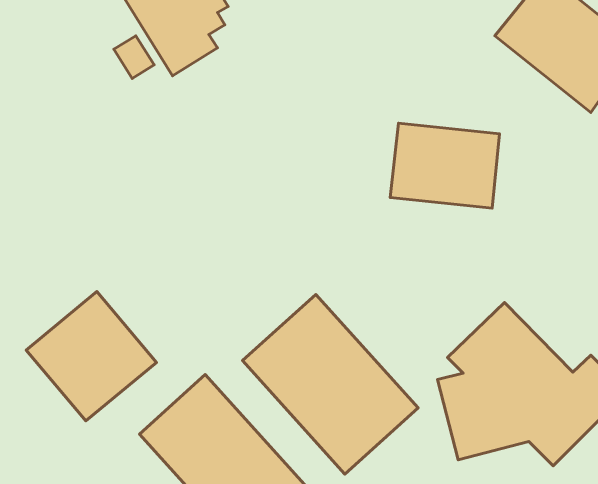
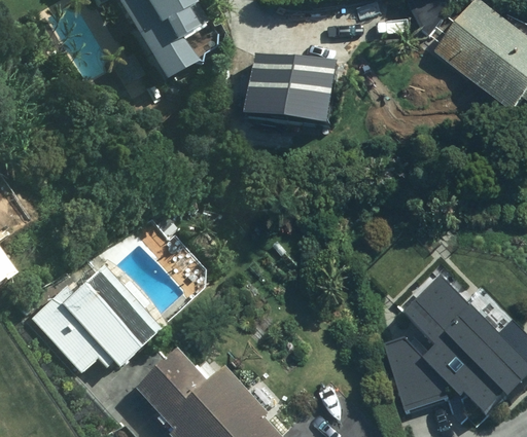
building: [390,123,500,208] -> [249,54,342,126]
building: [242,294,418,474] -> none

